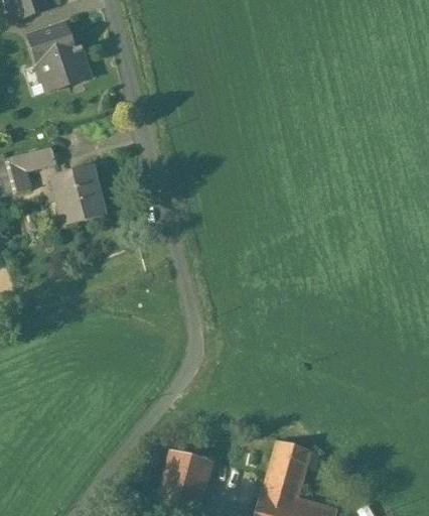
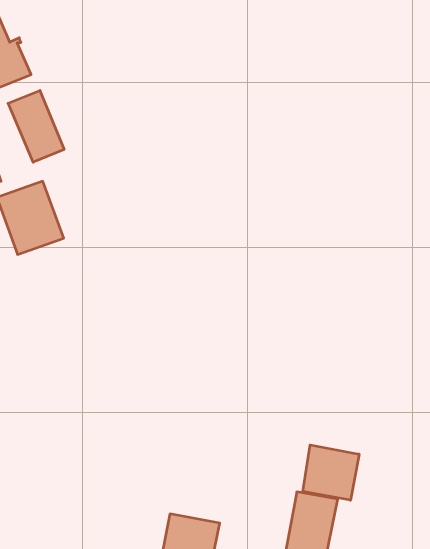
building: none -> [8,90,64,162]
building: none -> [303,445,359,500]

